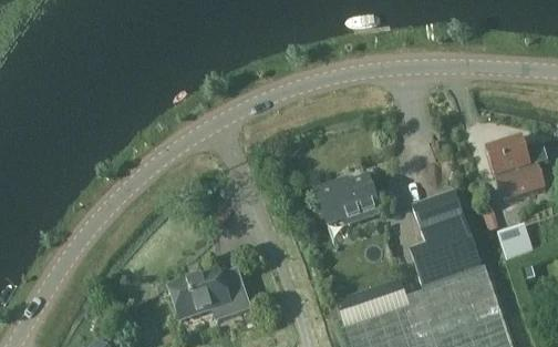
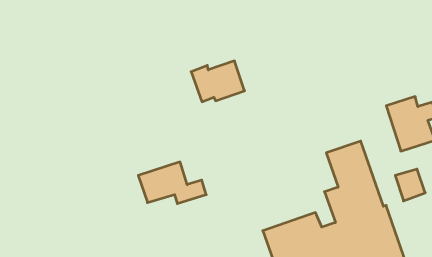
building: [314,176,380,226] -> [191,61,245,102]
building: [167,268,250,319] -> [138,162,206,204]

